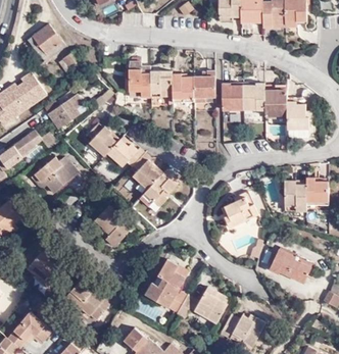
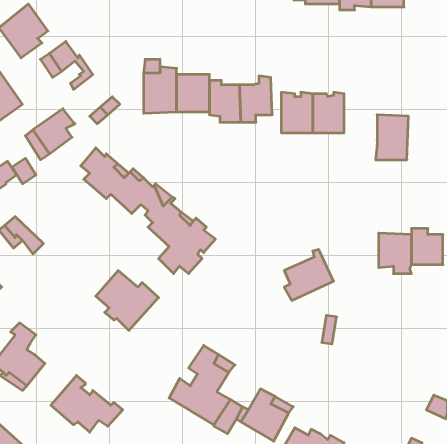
building: [265,88,288,117] -> none
building: [41,158,78,188] -> none
building: [270,249,312,283] -> none

